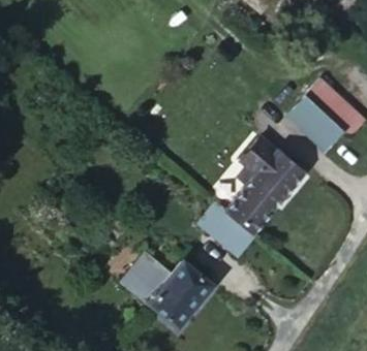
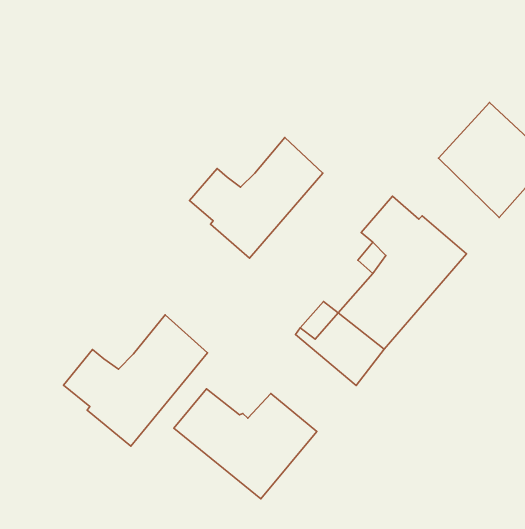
building: none -> [189,138,323,258]
building: none -> [63,315,207,446]

